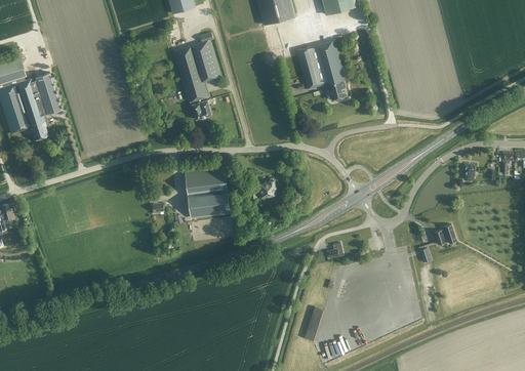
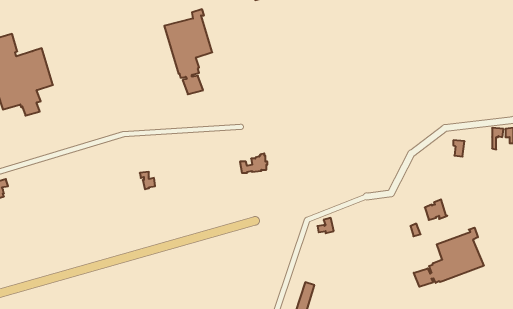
building: [294,41,346,100] -> none
building: [186,169,228,217] -> none
building: none -> [414,228,484,287]

